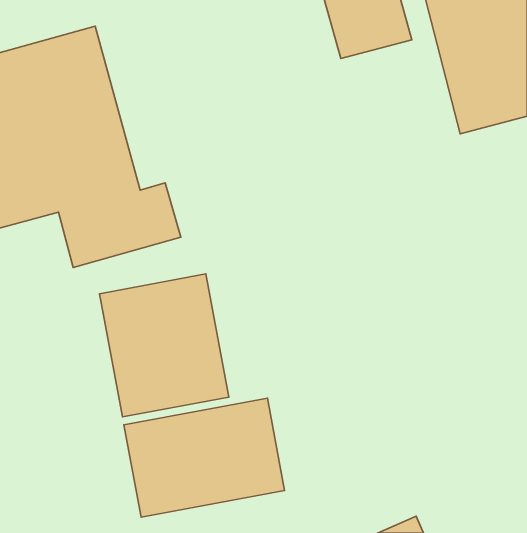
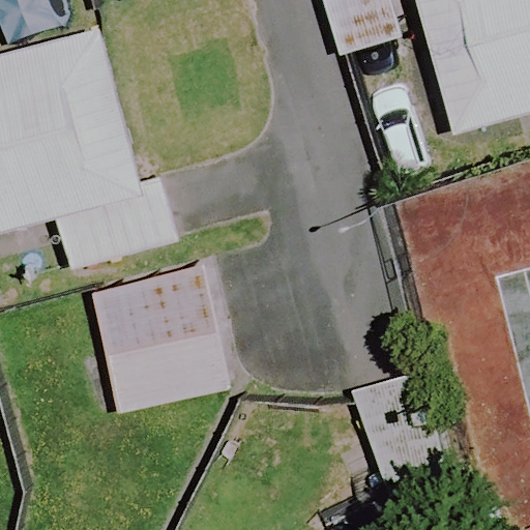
building: [124,398,285,517] -> none

